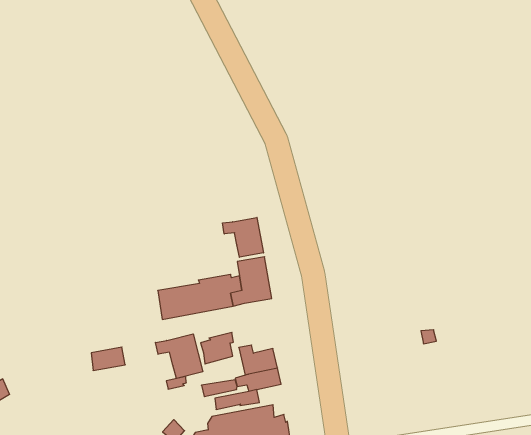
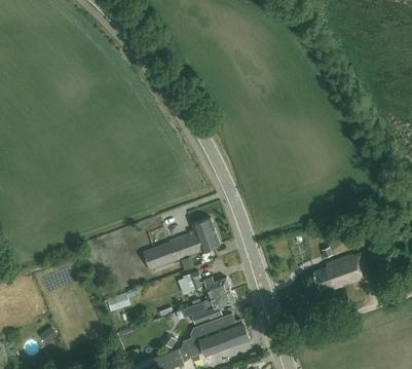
building: [223,217,263,257] -> none
building: [155,334,203,378] -> none
building: none -> [314,252,371,291]

